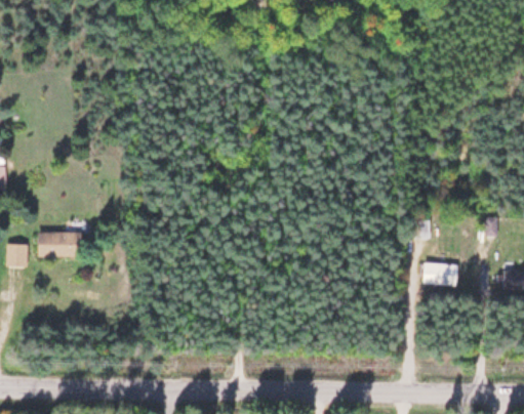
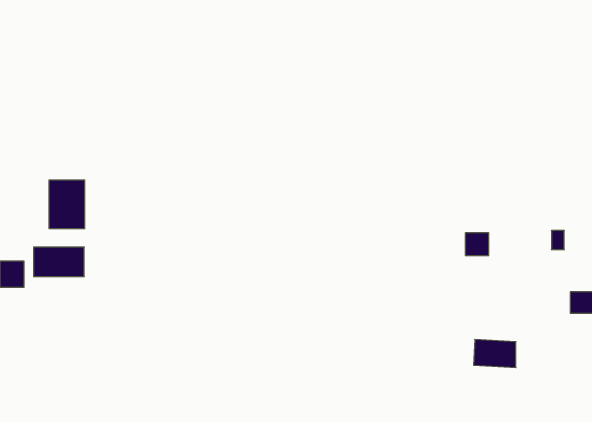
building: none -> [49,180,85,229]
building: [422,261,459,286] -> [474,339,516,368]

